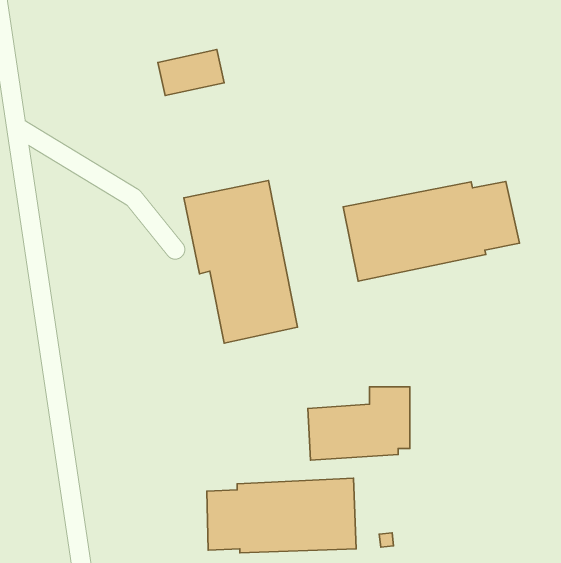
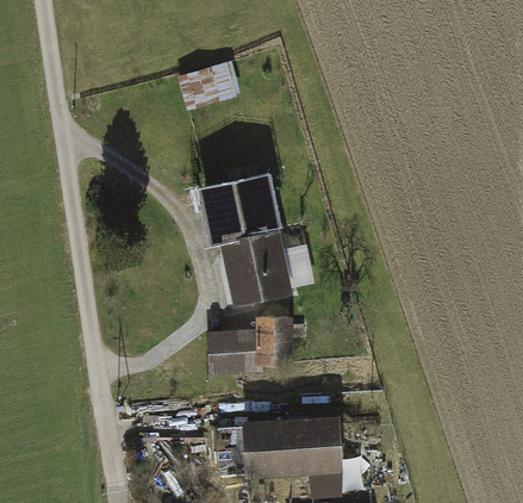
building: [343,181,519,281] -> none
building: [308,387,410,460] -> [206,313,291,374]

